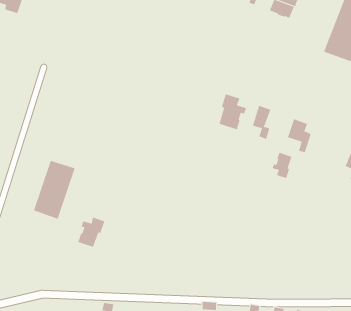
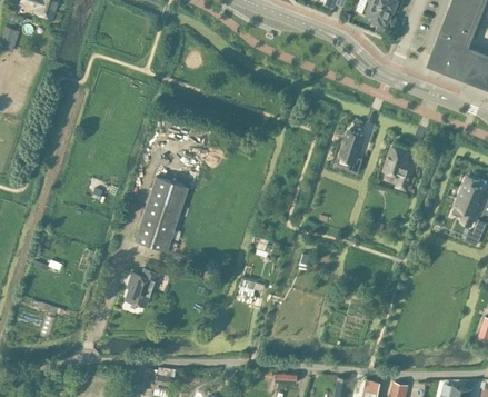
building: [219,94,247,130] -> none
building: [272,152,292,179] -> none
building: [33,160,75,220] -> [135,178,187,251]

